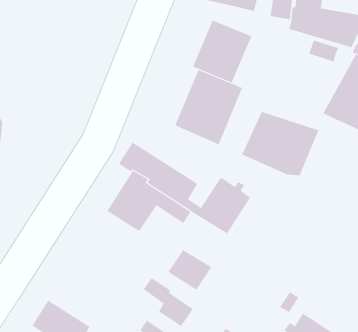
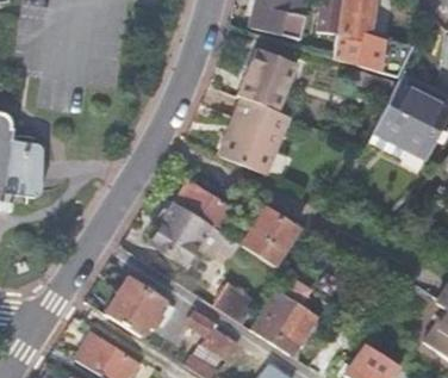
building: [242,111,319,176] -> none
building: none -> [106,278,166,336]
building: none -> [250,287,316,354]

